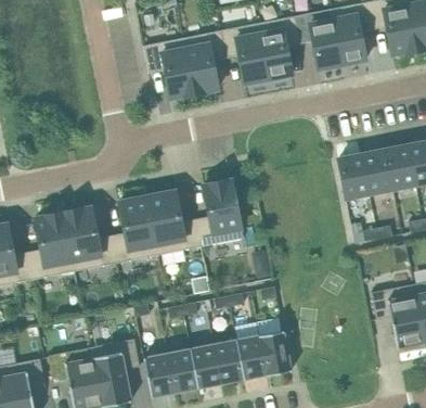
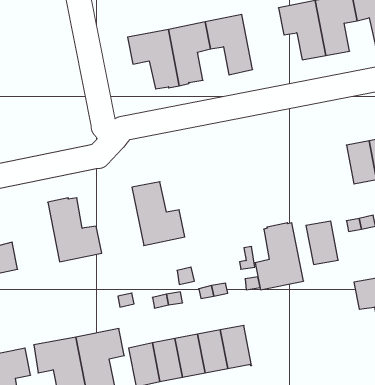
building: [257,16,299,78] -> none
building: [337,154,370,197] -> [306,221,338,264]
building: [194,179,243,246] -> [255,223,304,290]
building: [111,196,158,263] -> none
building: [26,212,74,279] -> none
building: [259,330,291,375] -> none

